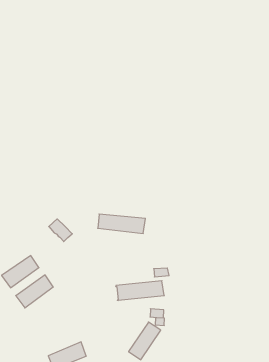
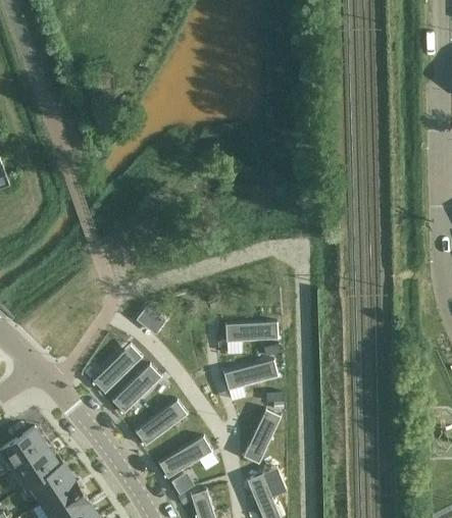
building: [98,214,145,233] -> [225,321,279,341]
building: none -> [136,407,178,445]

